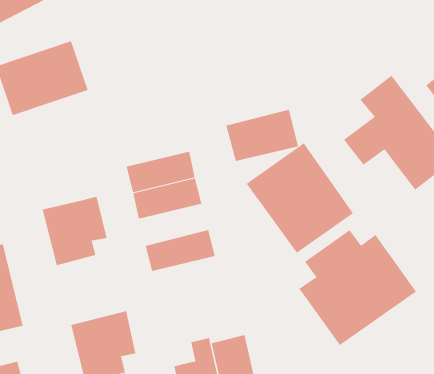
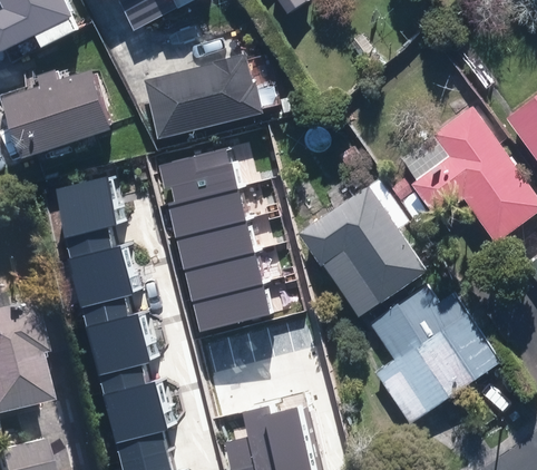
building: none -> [147,56,262,137]
building: [225,109,299,162] -> [152,151,237,213]
building: none -> [47,177,125,263]
building: none -> [177,256,260,305]
building: none -> [81,312,158,398]

